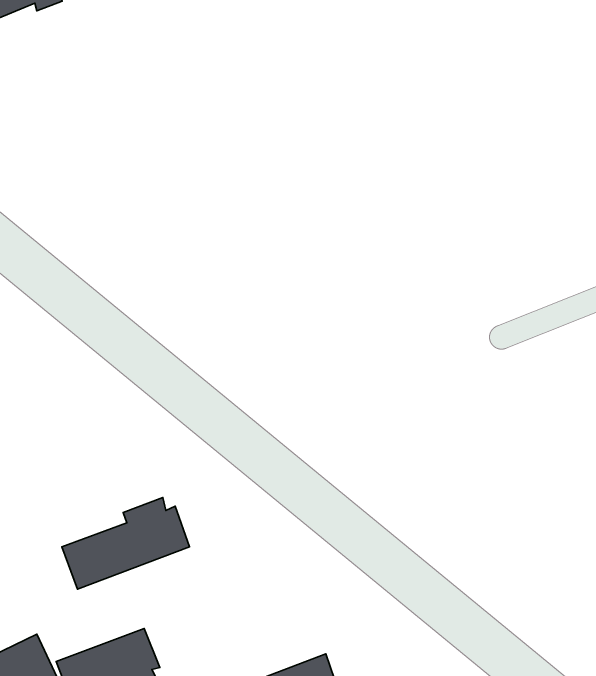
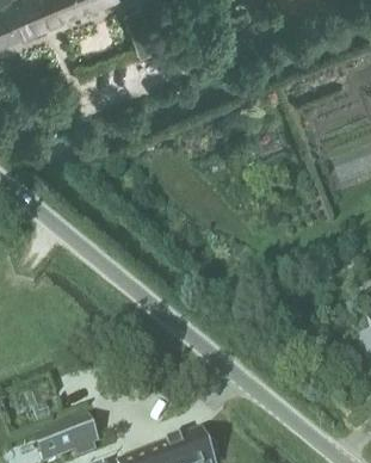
building: [62,498,189,589] -> none

